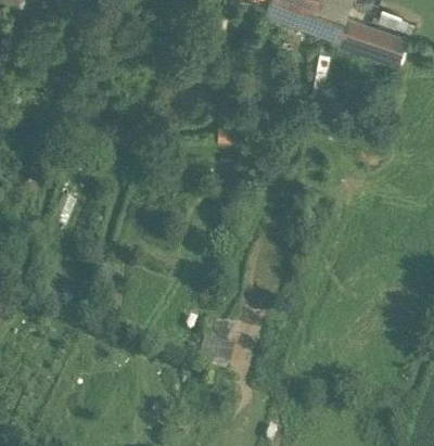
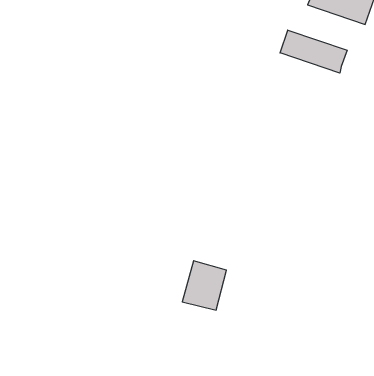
building: none -> [280,30,347,73]

